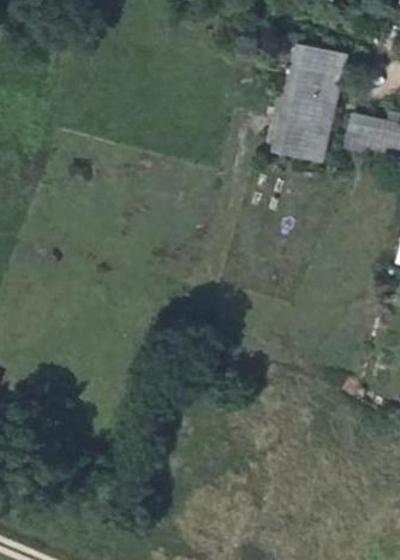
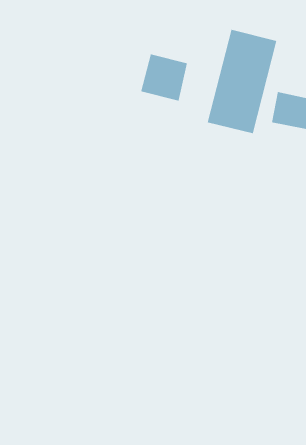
building: none -> [141,53,188,102]

